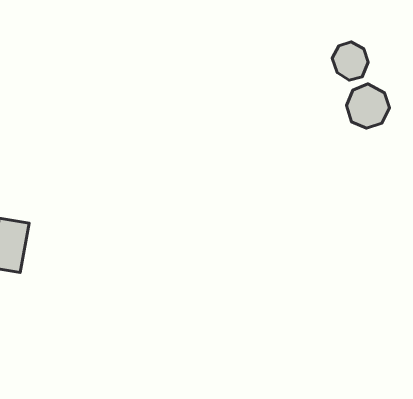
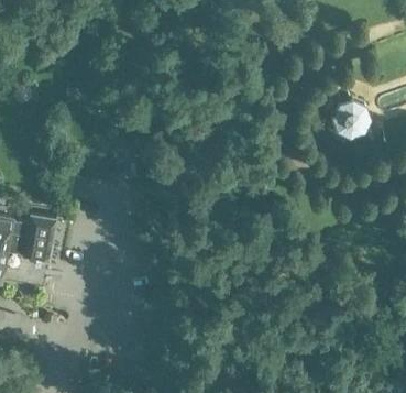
building: [332,42,368,80] -> none

